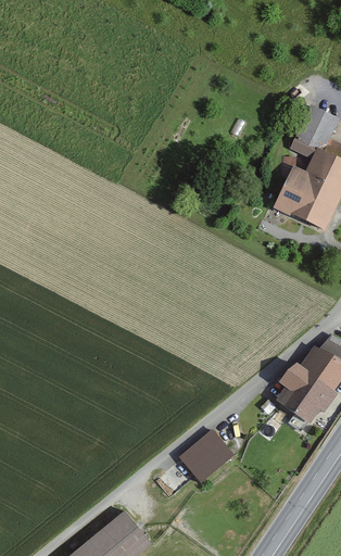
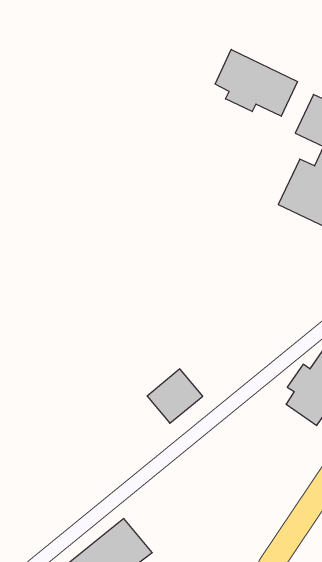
building: none -> [215,49,297,116]
building: [179,429,232,481] -> [147,369,203,423]

